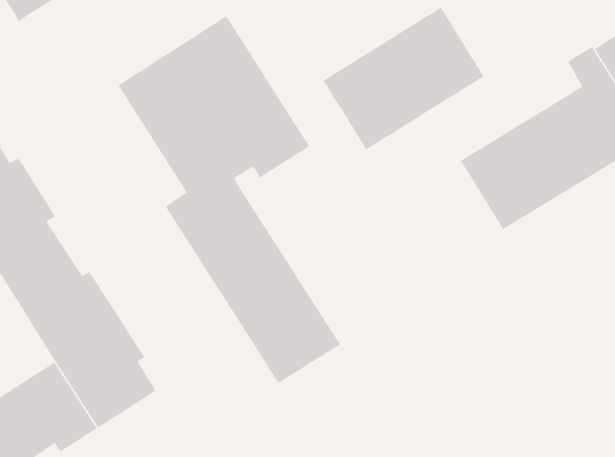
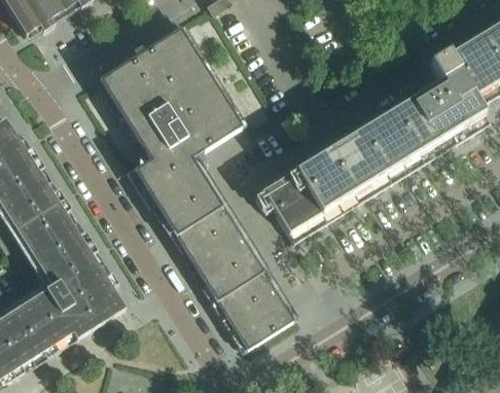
building: [323,7,485,150] -> [262,137,382,243]
building: none -> [216,267,295,349]

